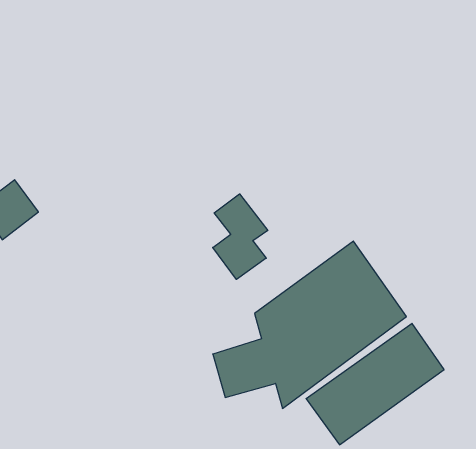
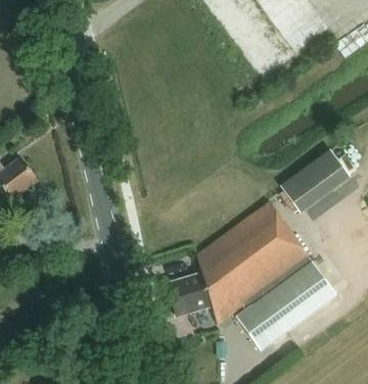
building: none -> [280,149,351,213]
building: [213,194,268,279] -> none

